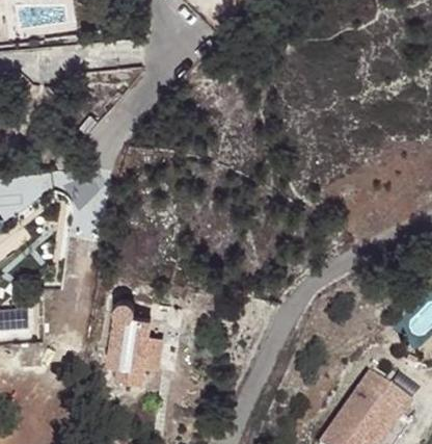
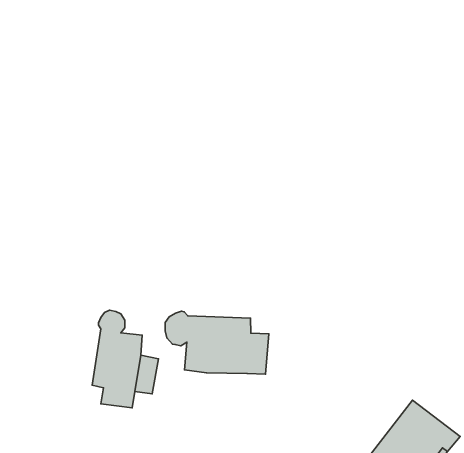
building: none -> [165,311,269,374]

